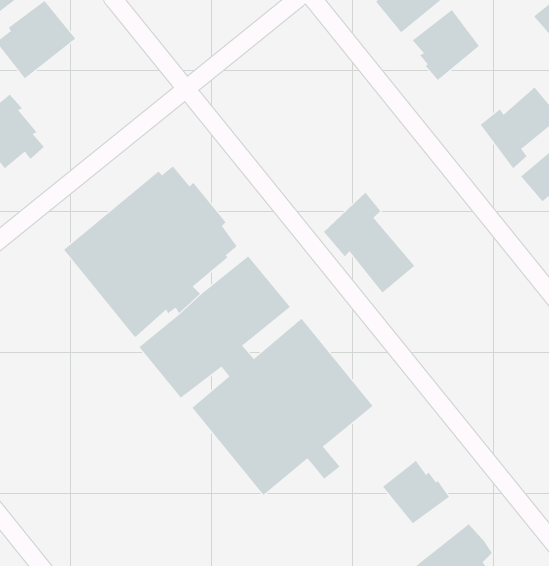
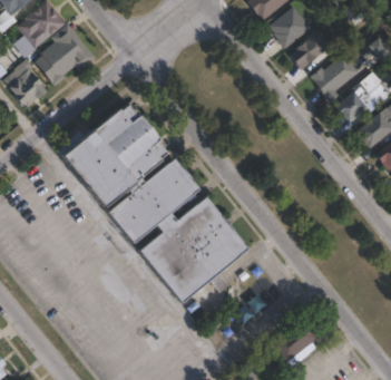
building: none -> [36,25,97,85]
building: none -> [294,30,330,70]
building: [323,192,415,294] -> none
building: [382,460,450,524] -> none

